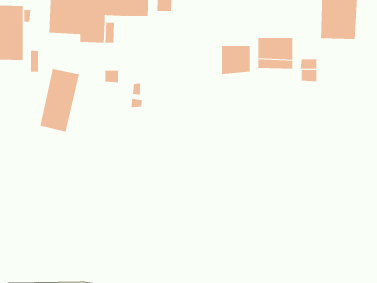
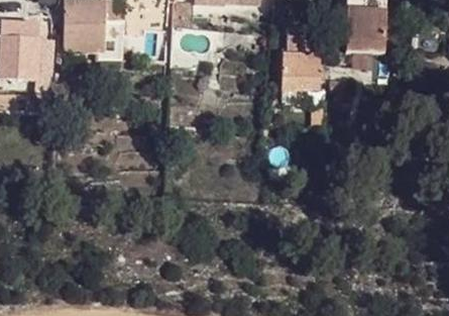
building: [221,45,250,75] -> none
building: [40,68,79,133] -> none

